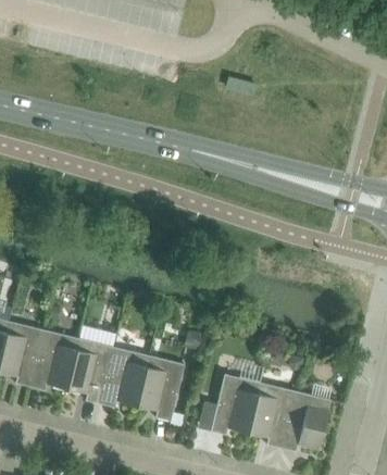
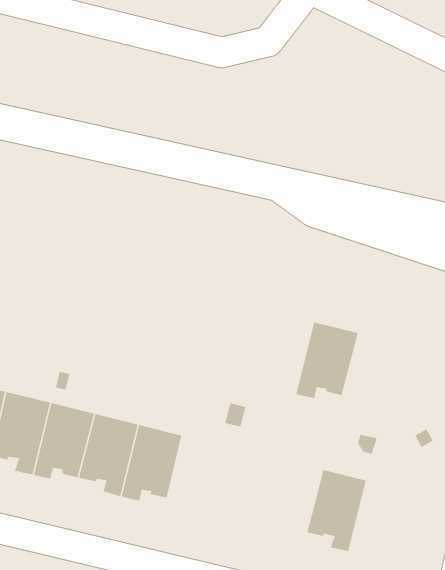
building: [136,355,184,422] -> none
building: [210,374,260,435] -> [296,322,358,398]
building: [280,391,329,452] -> none

